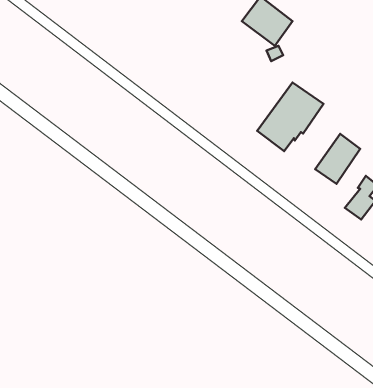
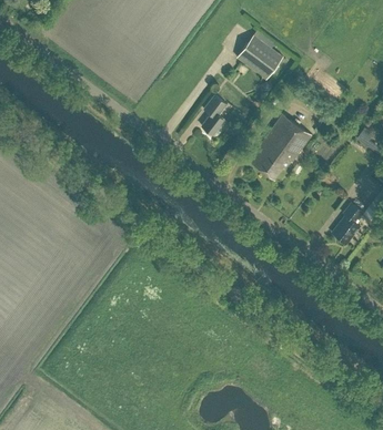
building: none -> [202,95,228,135]
building: [315,134,360,184] -> none

